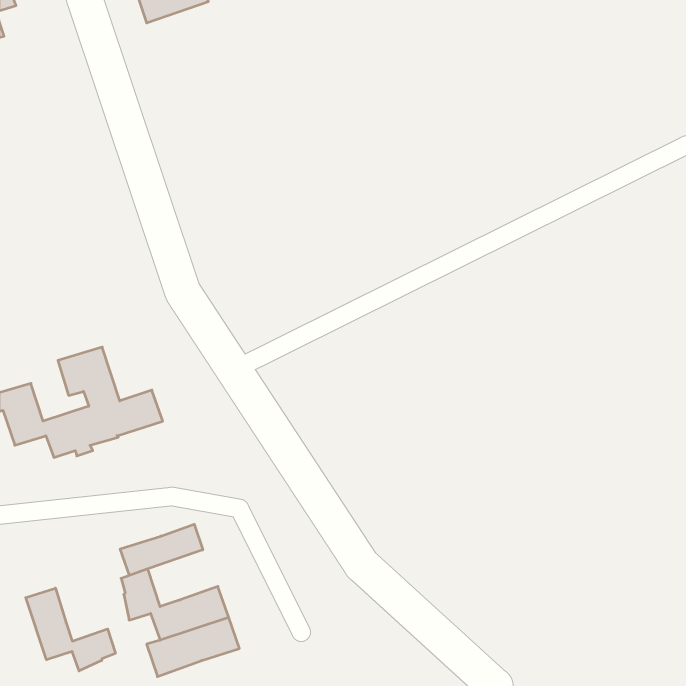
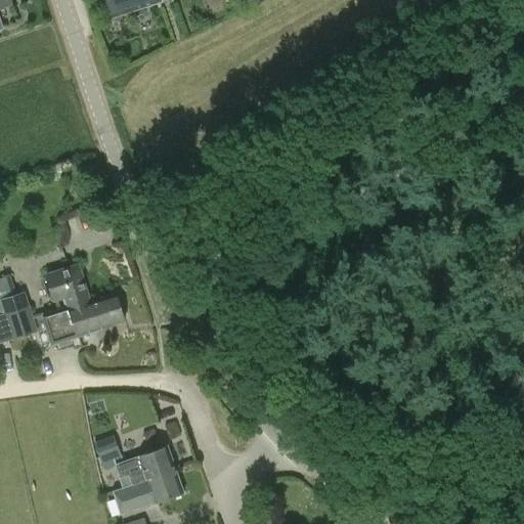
building: [120,524,203,575] -> none
building: [26,588,115,671] -> none

